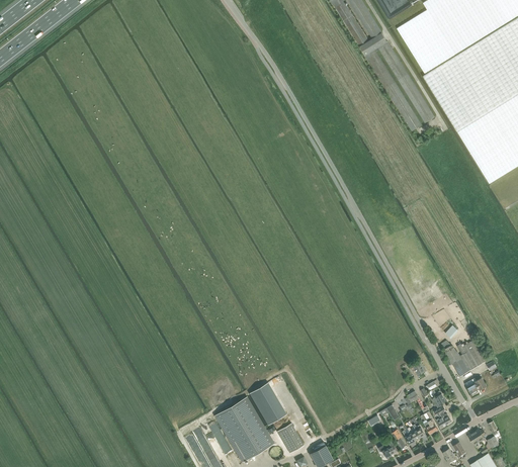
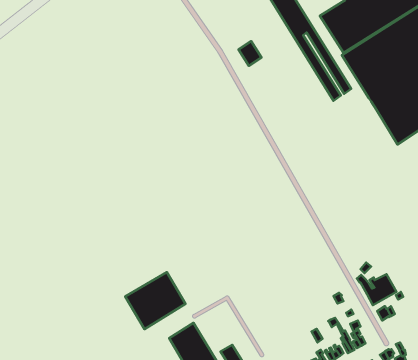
building: none -> [239,41,261,66]
building: none -> [125,272,185,329]
building: [250,383,286,426] -> none

